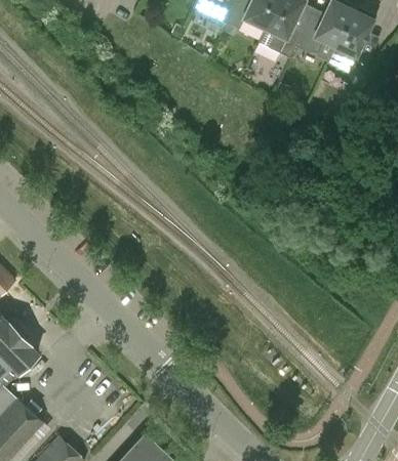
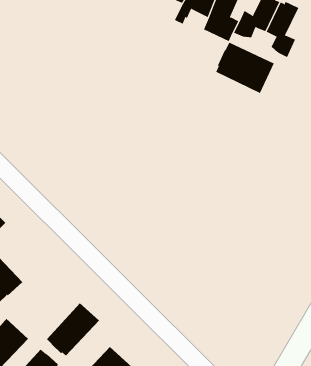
building: none -> [216,42,274,94]
building: none -> [46,303,100,357]

